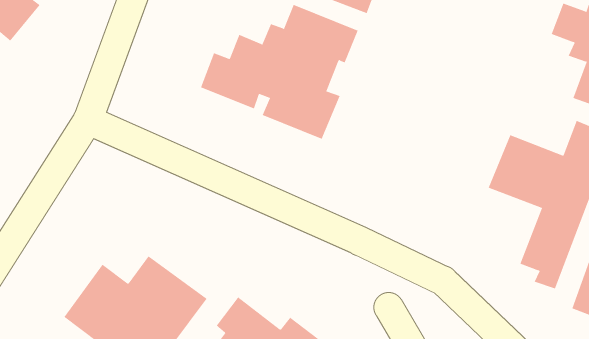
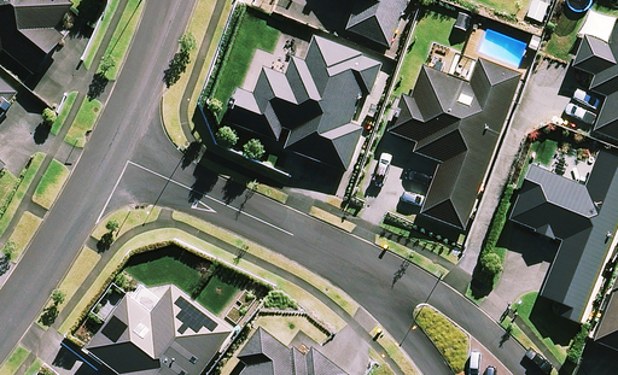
building: none -> [396,57,521,229]

